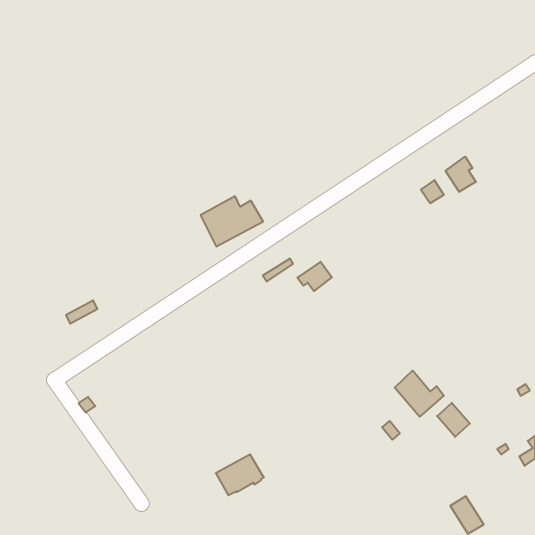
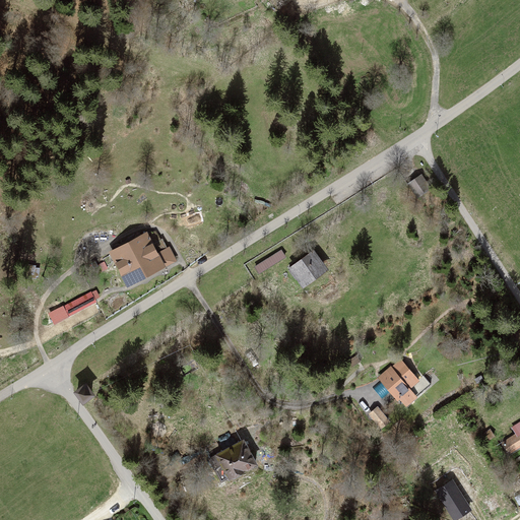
building: [446,157,476,192] -> none
building: [201,196,263,247] -> [113,235,174,283]
building: [437,403,470,437] -> none

